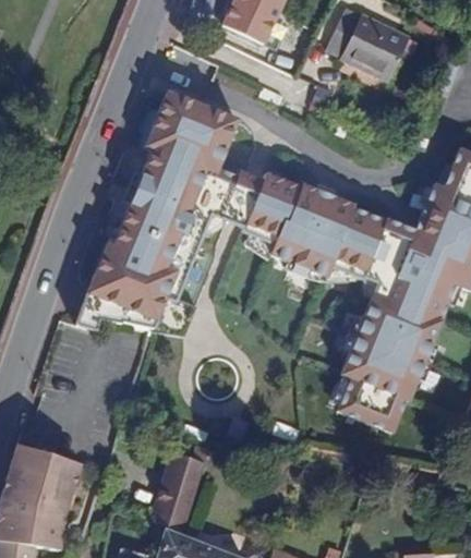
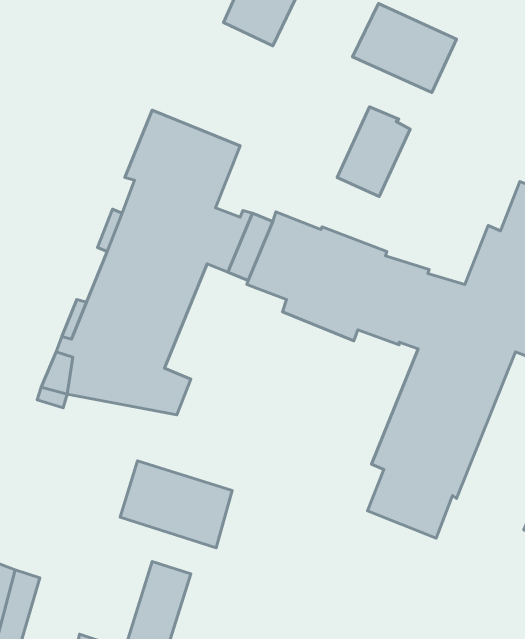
building: none -> [337,107,410,196]
building: none -> [120,461,232,548]

